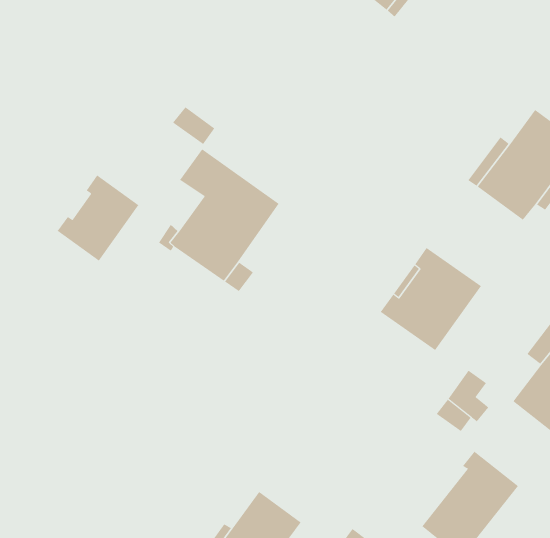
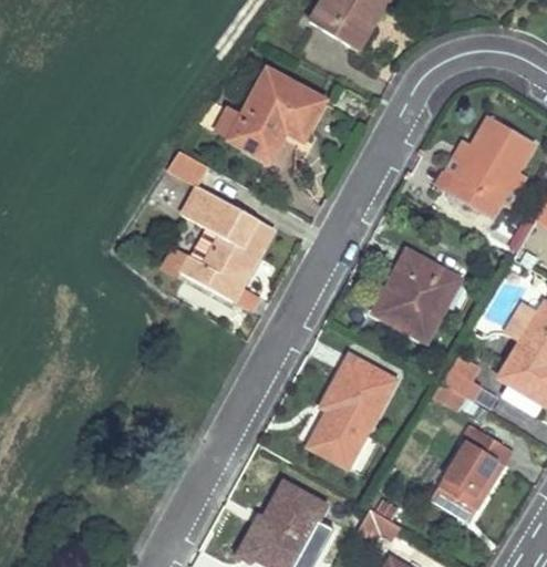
building: none -> [198,70,321,158]
building: [57,175,139,262] -> none
building: none -> [308,355,393,475]

